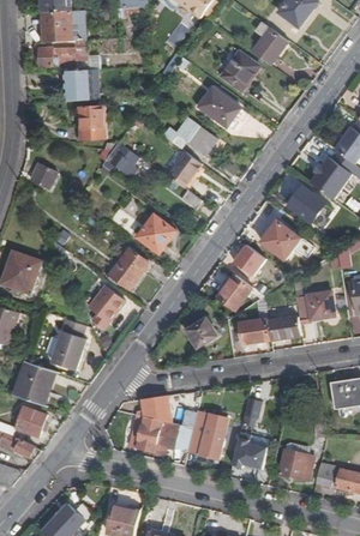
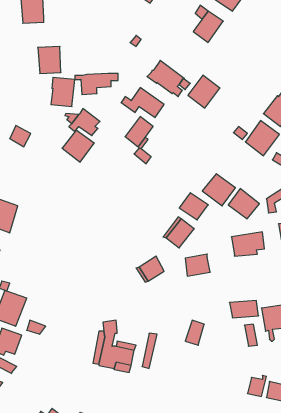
building: [31,40,83,65] -> [75,73,118,95]
building: [221,50,259,90] -> [188,75,220,108]
building: [288,186,325,222] -> [228,189,259,219]
building: [134,215,173,253] -> [62,130,94,162]
building: [109,248,148,288] -> none
building: [88,287,121,327] -> none
building: [49,318,85,368] -> none
building: [266,318,301,338] -> [229,301,259,318]
building: [200,412,228,458] -> none
building: [232,432,268,469] -> none
building: [280,451,312,480] -> none

